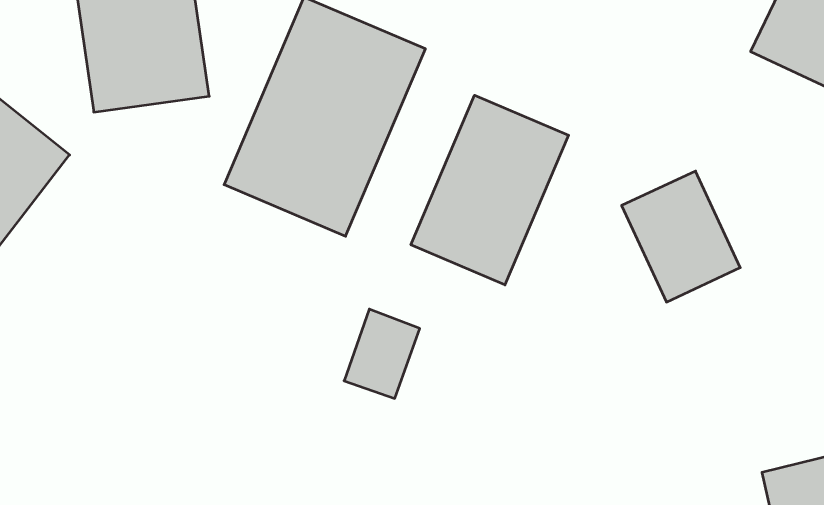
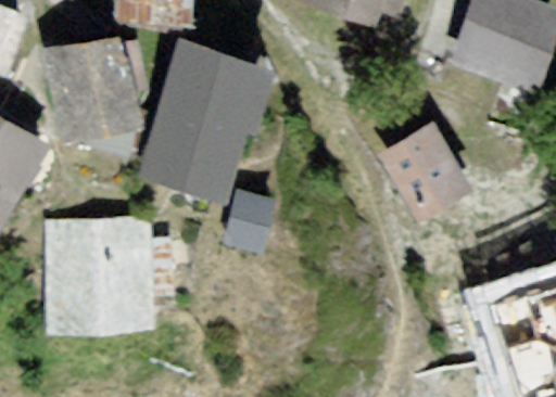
building: [411,95,569,285] -> none
building: none -> [43,219,146,325]

